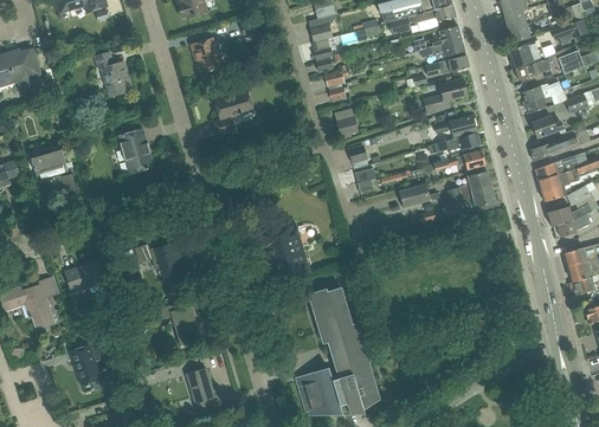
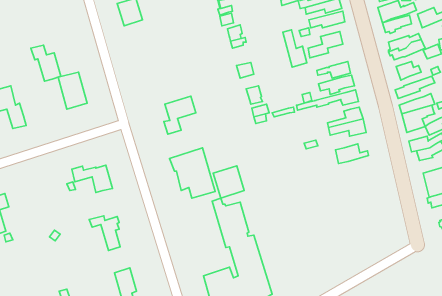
building: [95,52,131,96] -> [31,45,61,81]
building: none -> [283,30,307,67]
building: [213,90,252,136] -> [164,96,196,134]
building: [399,183,439,207] -> [336,144,369,163]
building: none -> [213,166,244,198]
building: [65,260,105,292] -> none
building: [71,339,111,388] -> none

